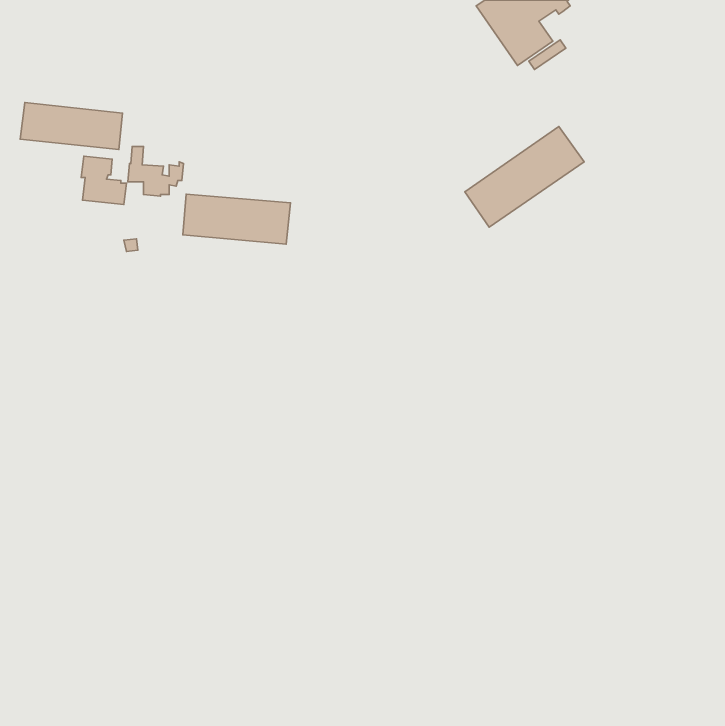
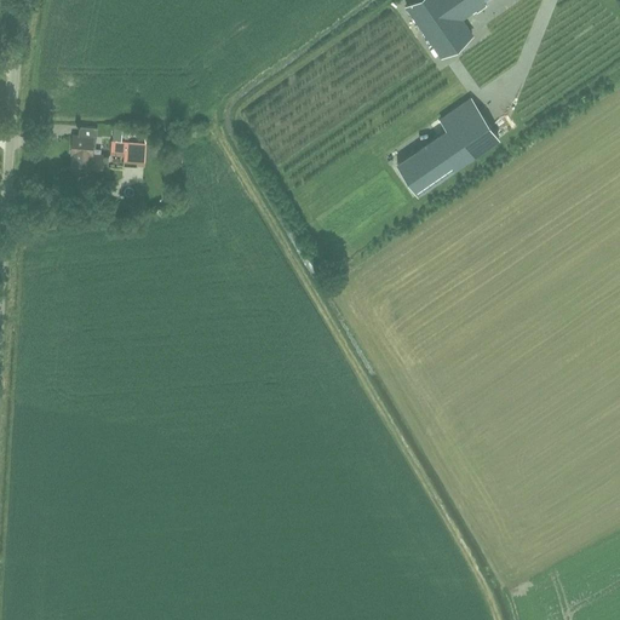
building: [20,103,122,149] -> none
building: [183,194,290,244] -> none

